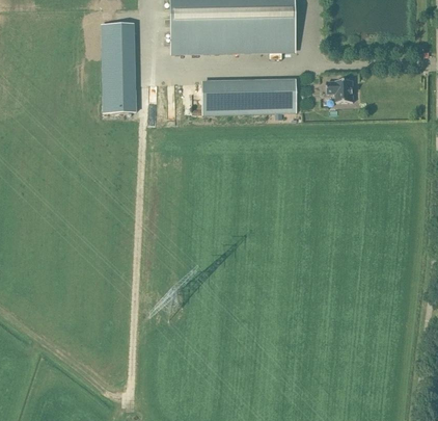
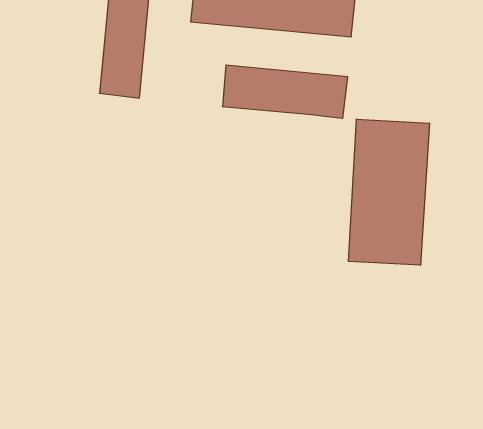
building: [326,78,352,101] -> none
building: none -> [348,119,430,265]

